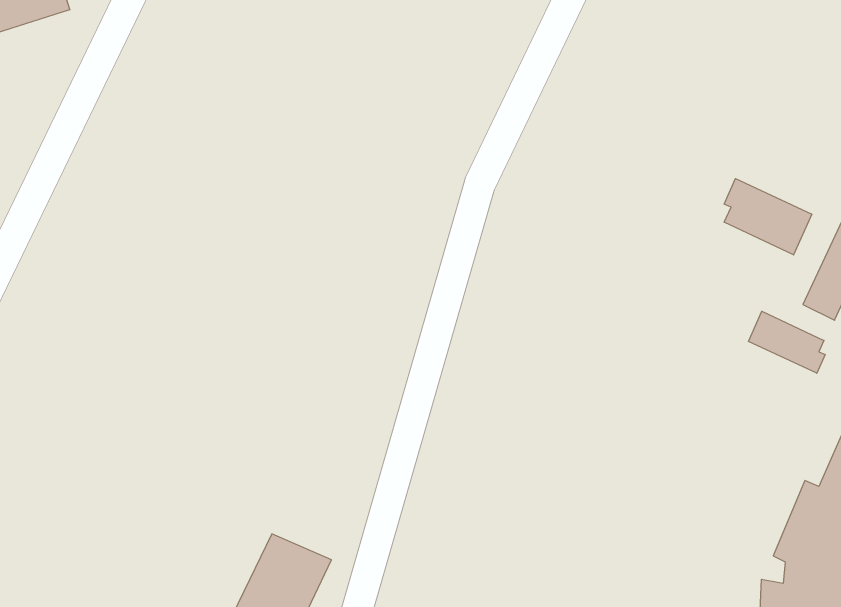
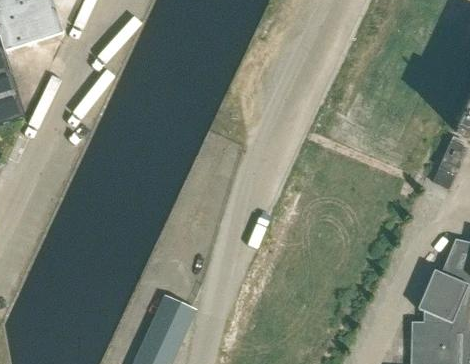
building: [724,179,812,255] -> none
building: [748,311,825,373] -> none

